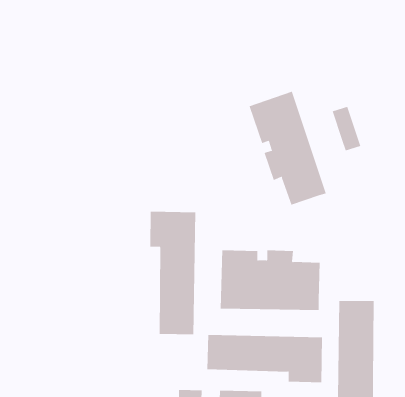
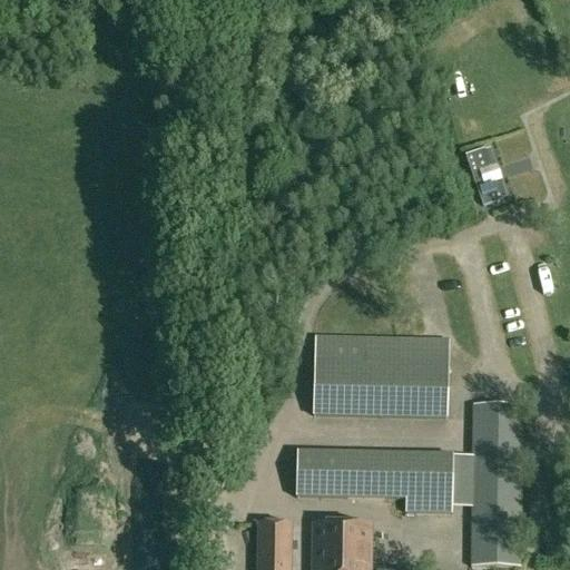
building: [249,91,327,206] -> none
building: [150,211,196,335] -> none

